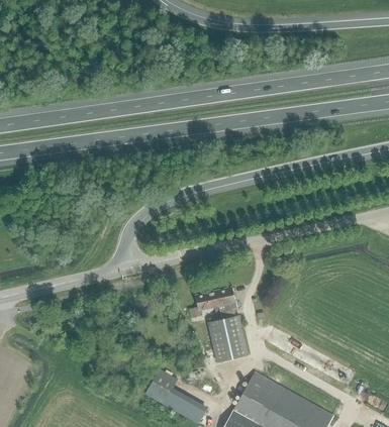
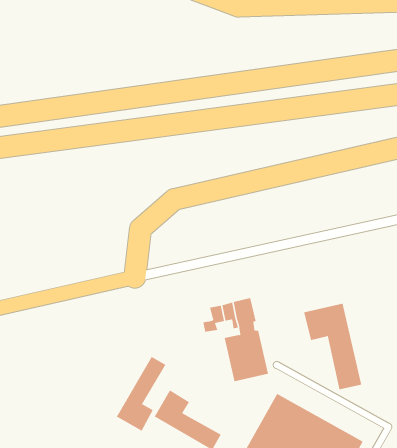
building: none -> [303,303,362,390]
building: none -> [116,356,166,431]

